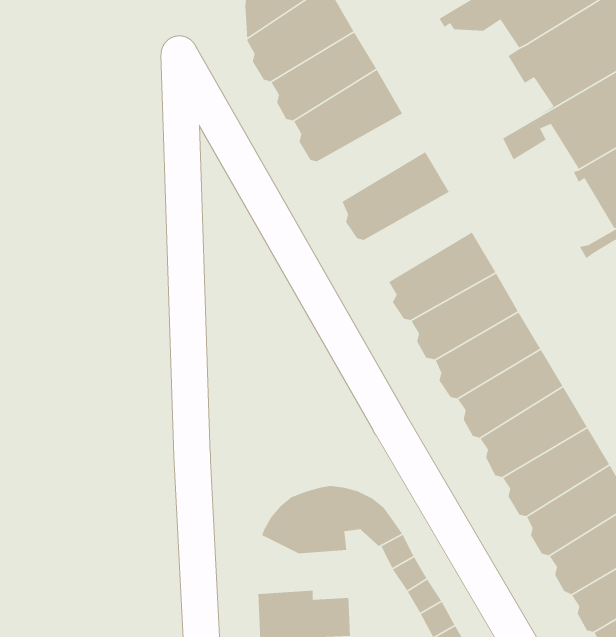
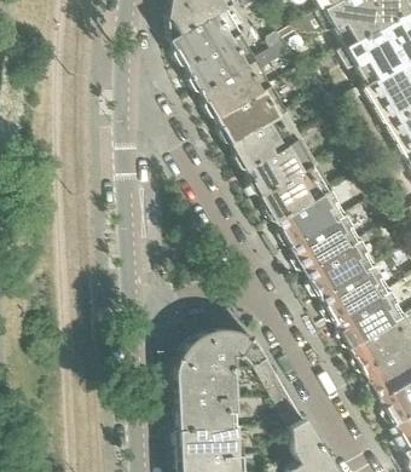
building: none -> [216,87,286,144]
building: none -> [247,138,317,196]
building: none -> [176,361,237,402]

